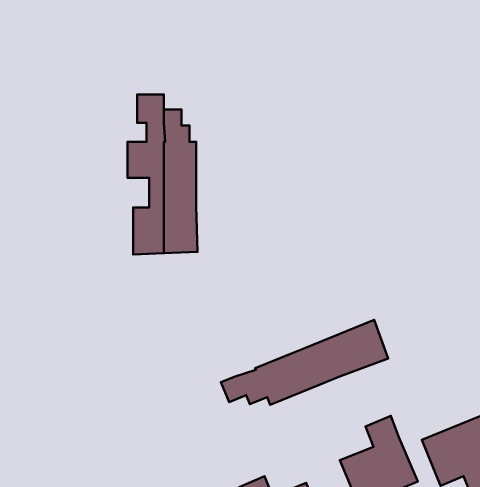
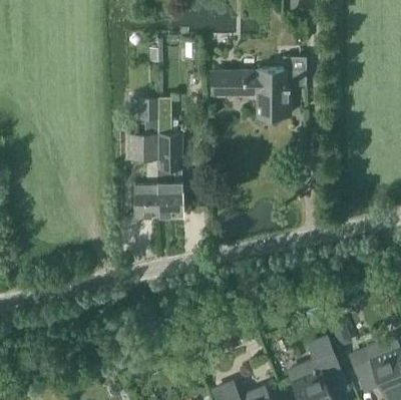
building: none -> [211,57,305,115]
building: [221,320,388,405] -> none

